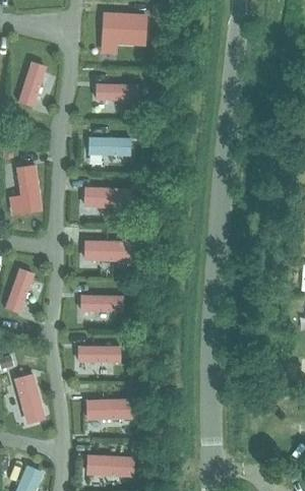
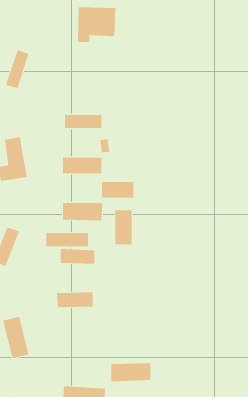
building: [97,82,138,101] -> none
building: none -> [102,181,134,198]
building: none -> [115,209,132,245]
building: none -> [46,232,88,247]
building: [85,398,133,421] -> [110,363,151,382]

